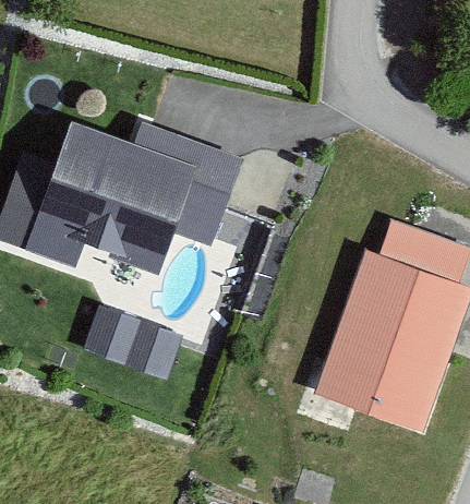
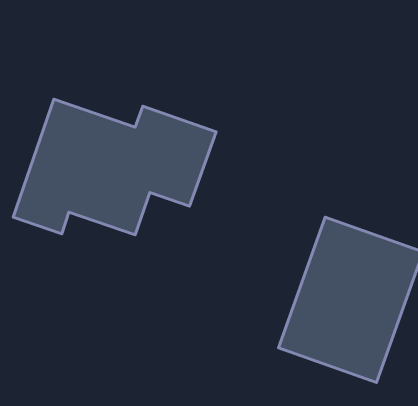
building: [85,304,185,377] -> none

